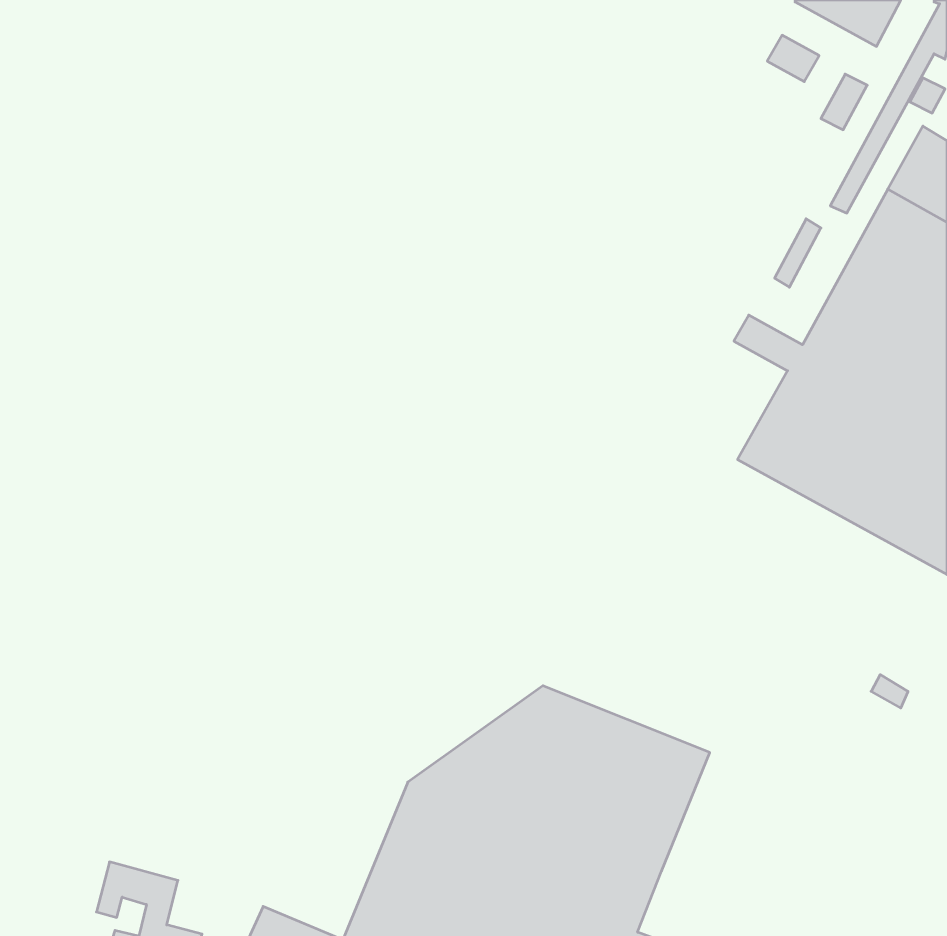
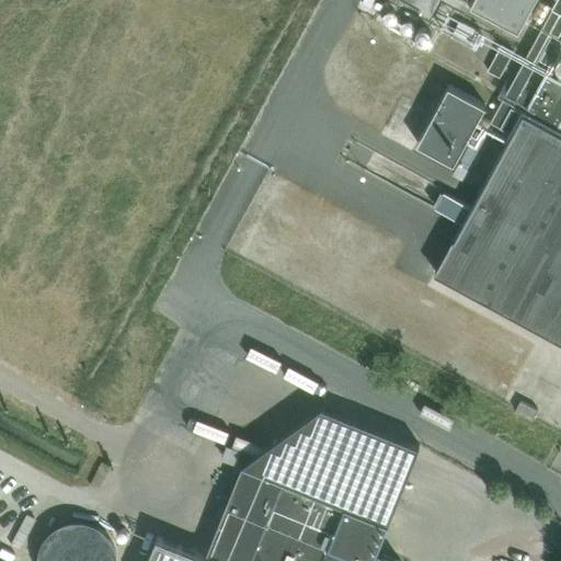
building: none -> [416,92,485,169]

